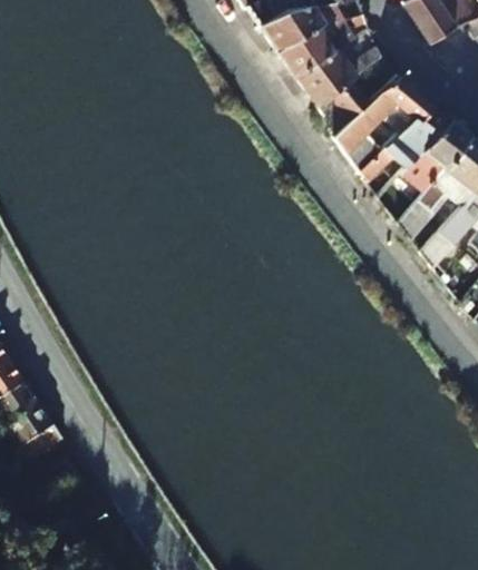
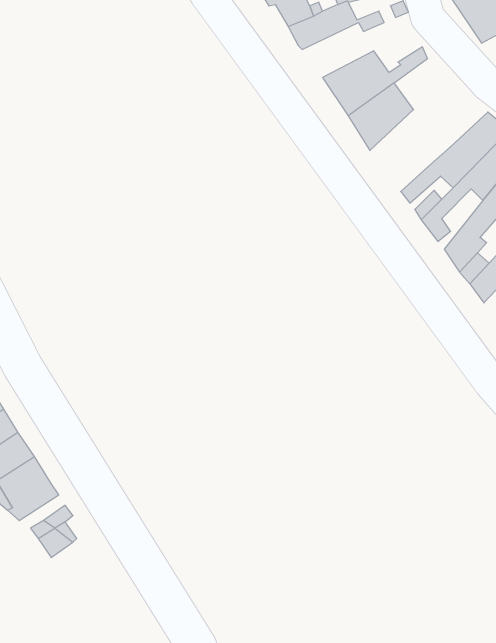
building: [274,24,353,72] -> none
building: [333,73,436,171] -> none

